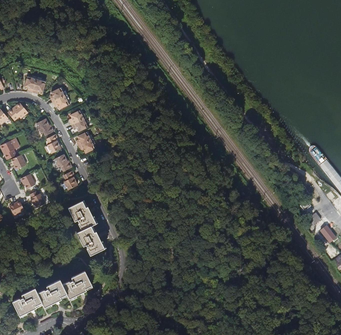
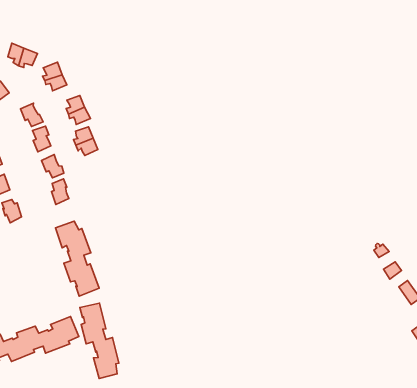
building: none -> [80,303,119,378]

